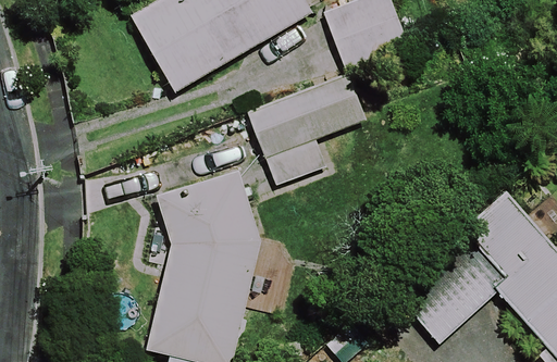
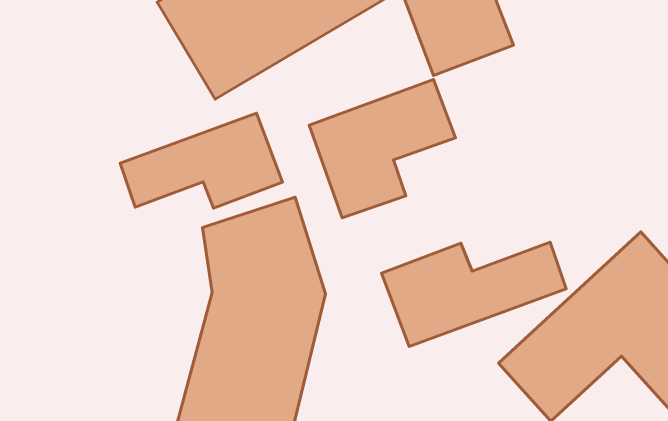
building: none -> [120,113,283,208]
building: none -> [381,242,566,347]

